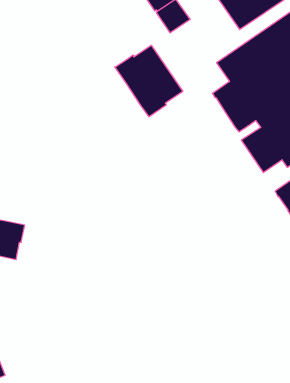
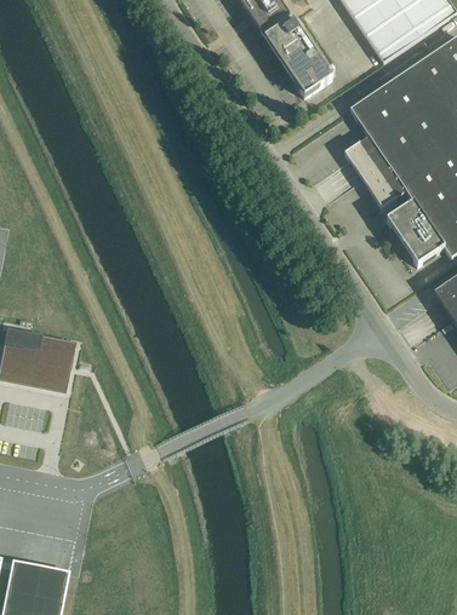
building: none -> [284,46,333,96]
building: [115,45,183,117] -> none

